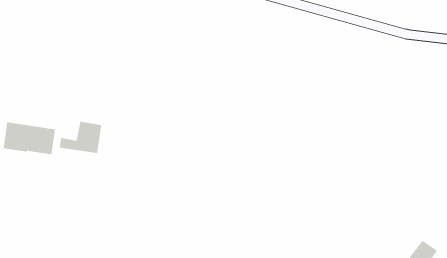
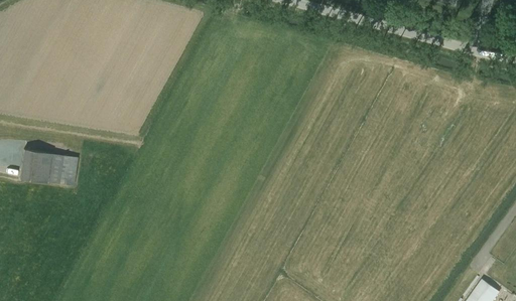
building: [59,121,102,154] -> none

